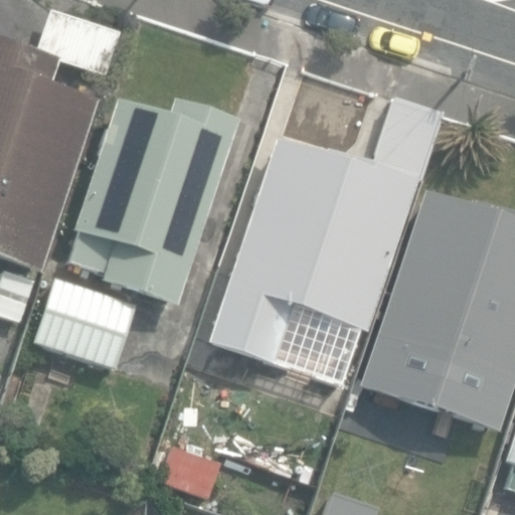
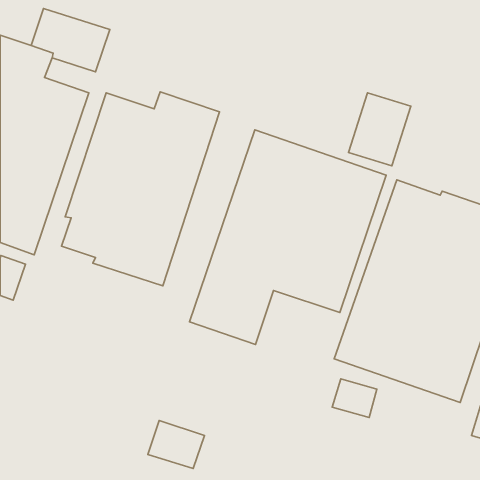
building: [34,279,138,370] -> none

